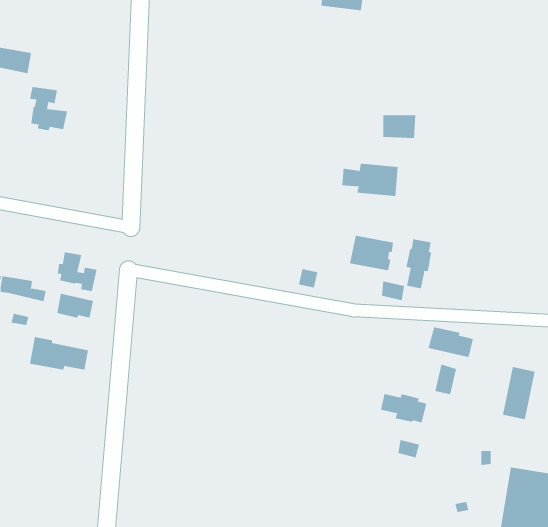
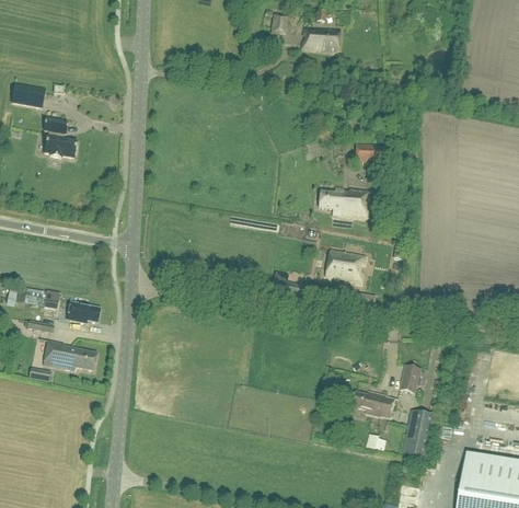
building: [406,238,432,289] -> none
building: [57,252,97,292] -> none
building: [428,326,473,358] -> none
building: [502,366,536,420] -> [408,409,438,457]

